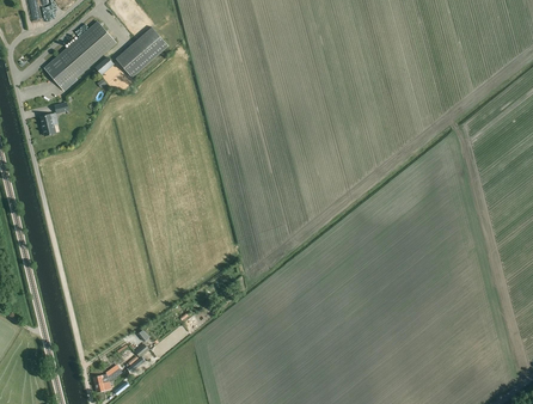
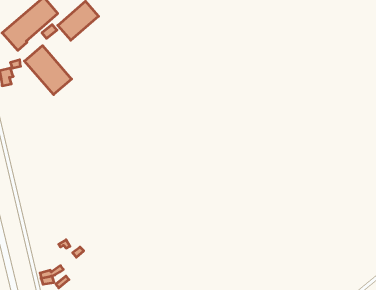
building: none -> [24,46,72,95]

